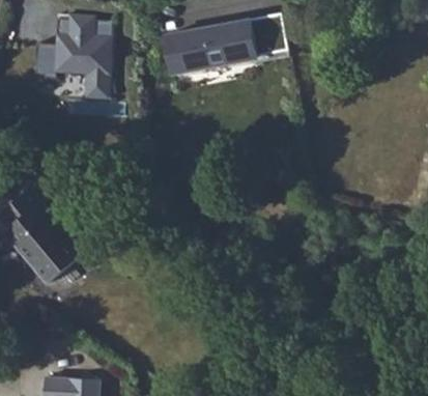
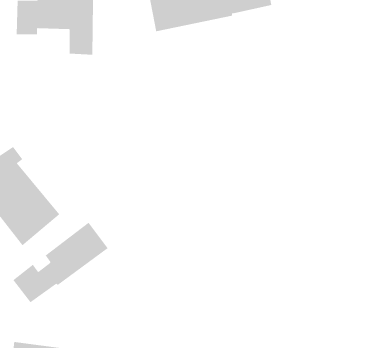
building: none -> [13,222,109,303]

